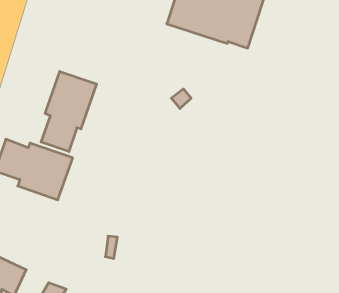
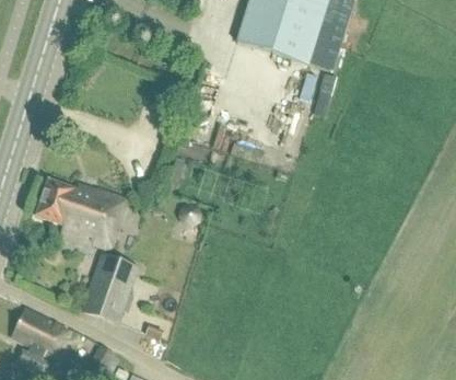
building: [41,71,97,152] -> none
building: none -> [81,255,135,320]

